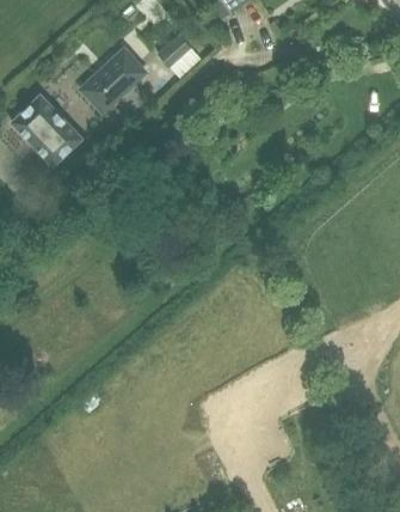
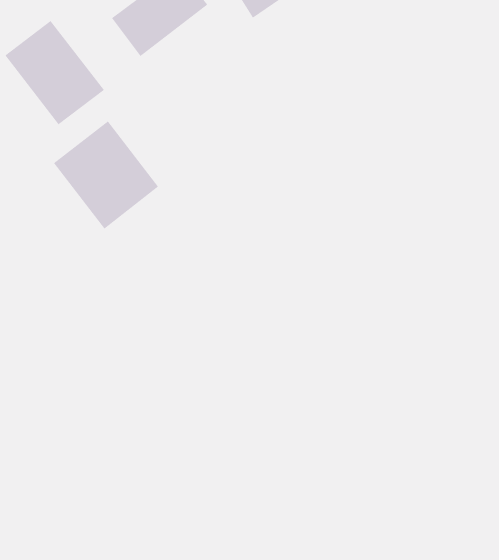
building: none -> [53,120,159,229]

